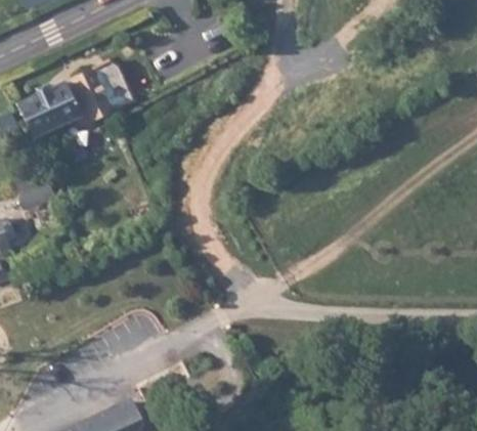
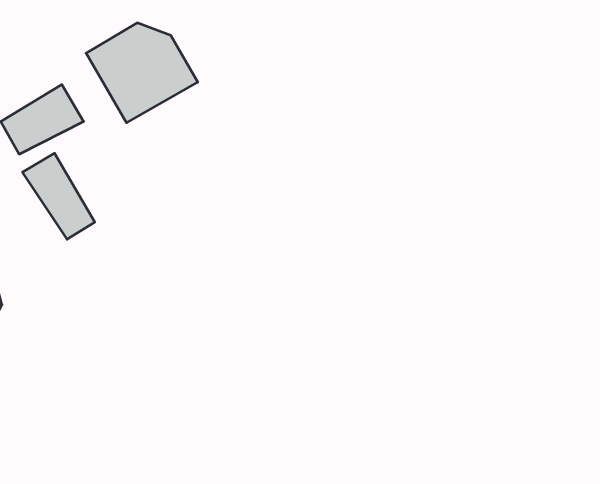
building: none -> [23,153,95,239]

